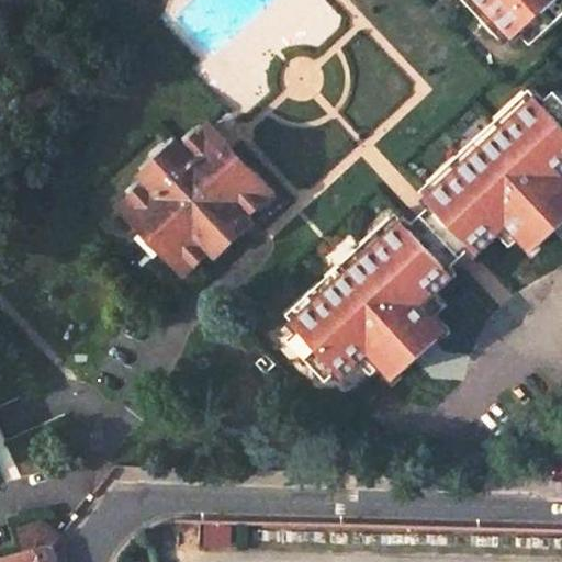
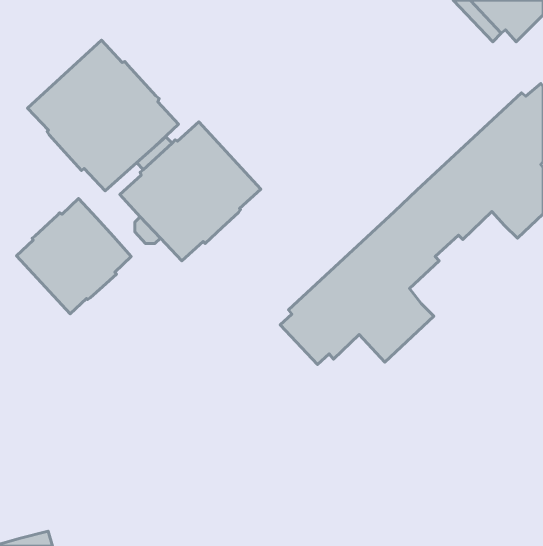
building: none -> [28,40,179,191]
building: none -> [17,199,131,314]

